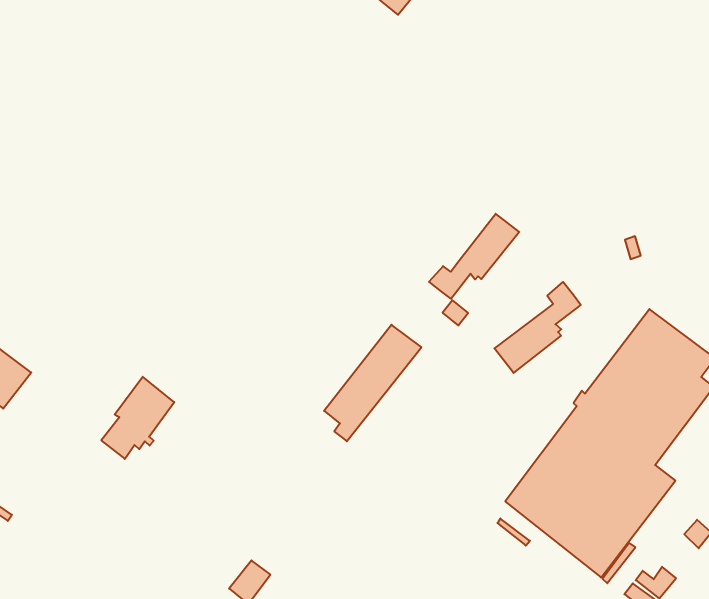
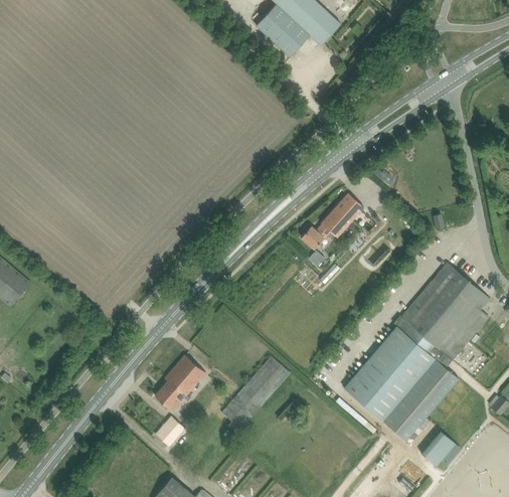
building: [494,282,581,373] -> none
building: [324,325,421,441] -> [222,356,290,433]
building: [101,377,174,459] -> [155,354,205,408]

